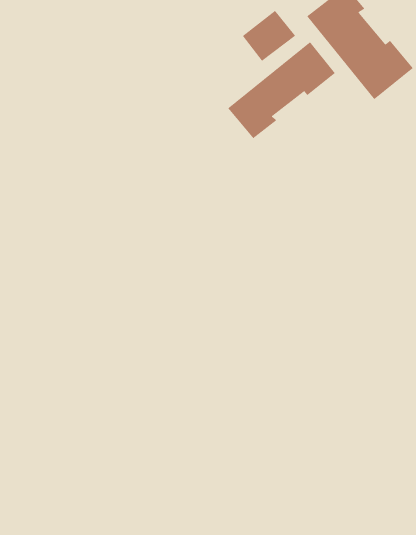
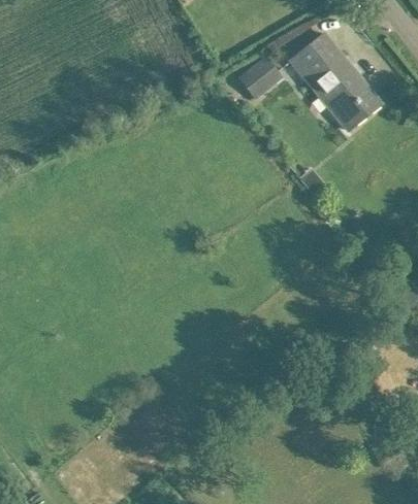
building: [227,41,336,139] -> none

